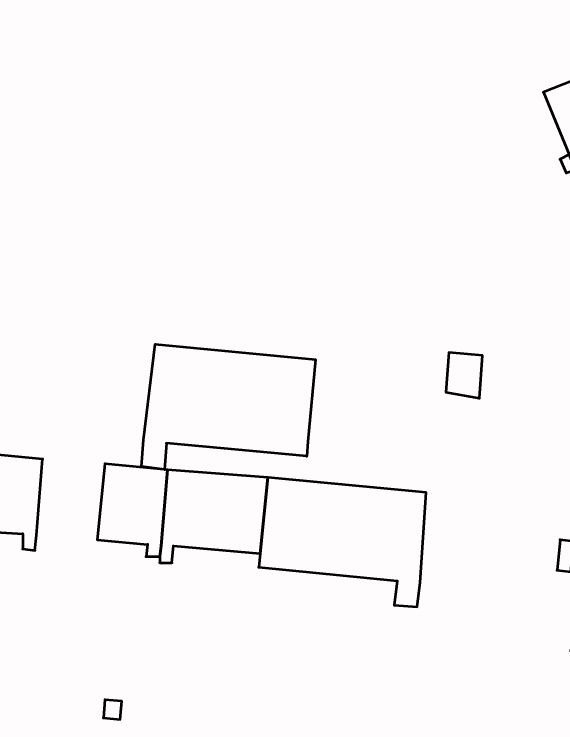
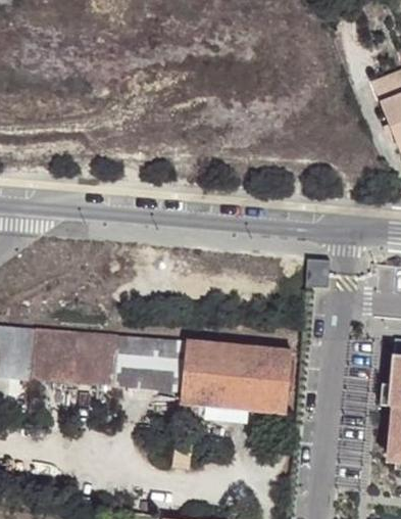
building: [142,344,315,470] -> none
building: none -> [31,328,78,390]

